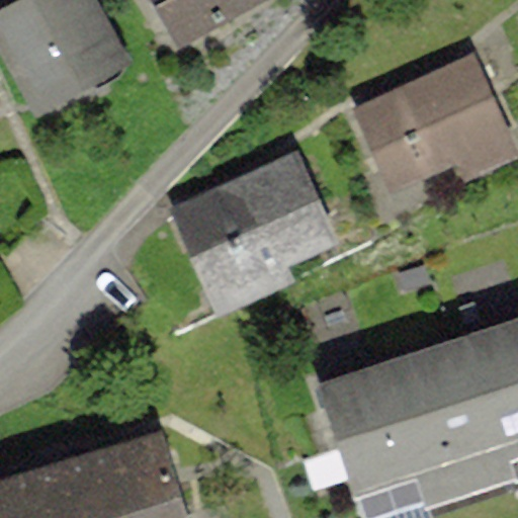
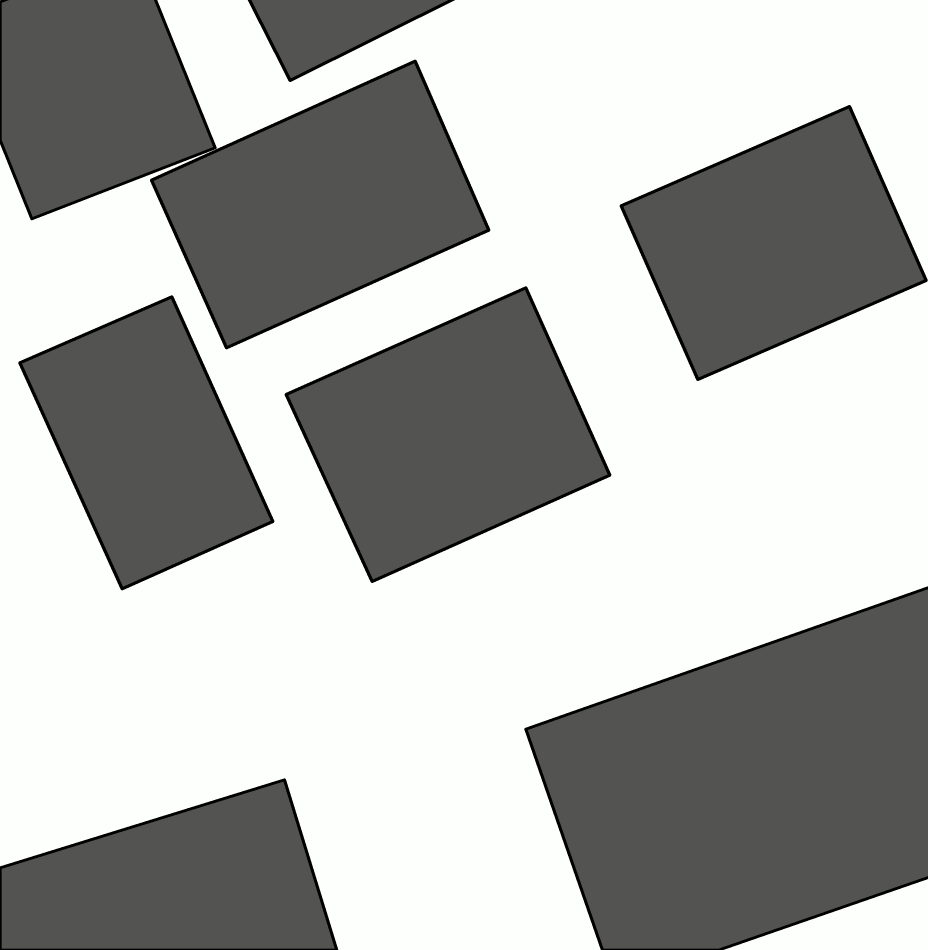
building: none -> [152,61,489,348]
building: none -> [20,297,273,589]

